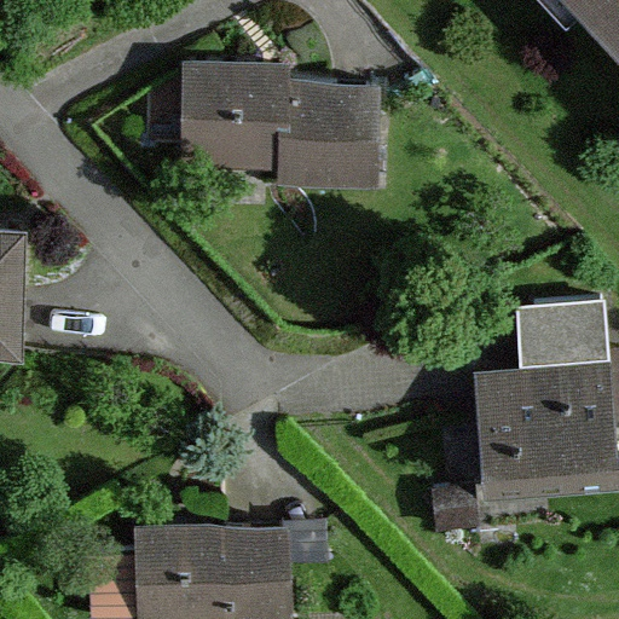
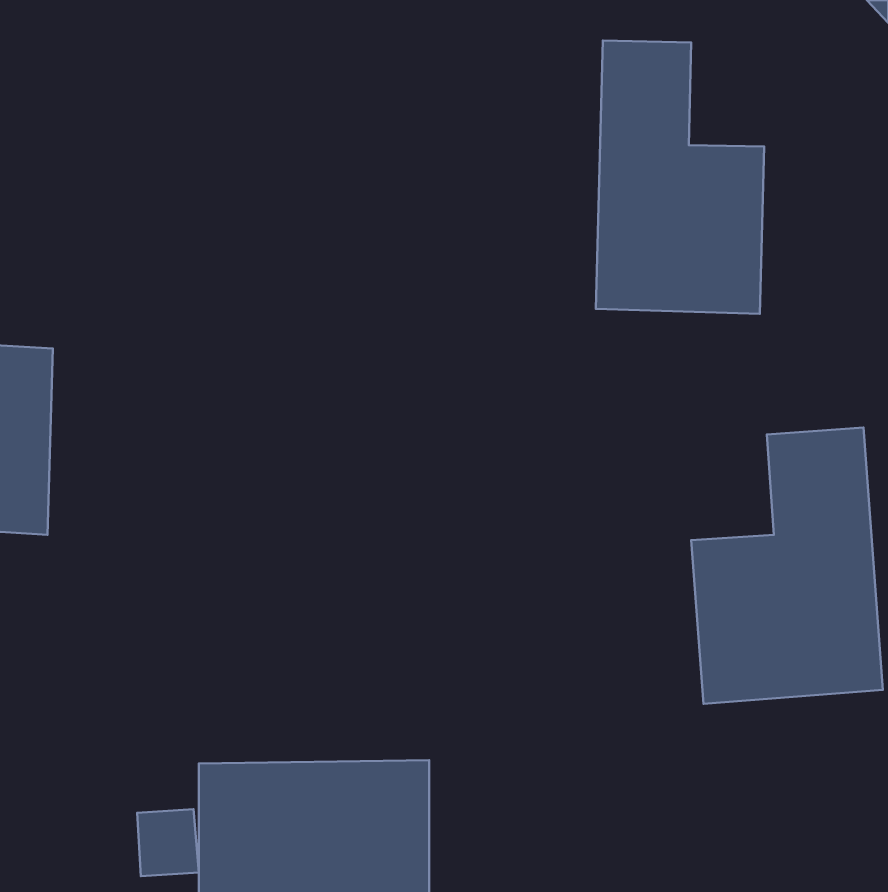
building: none -> [596,40,764,314]
building: [178,65,370,178] -> none

